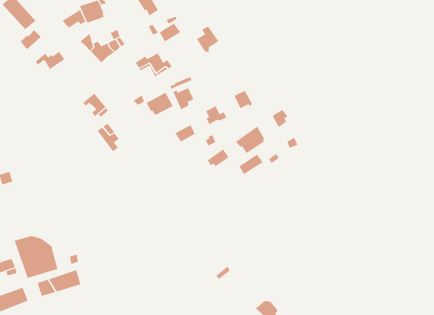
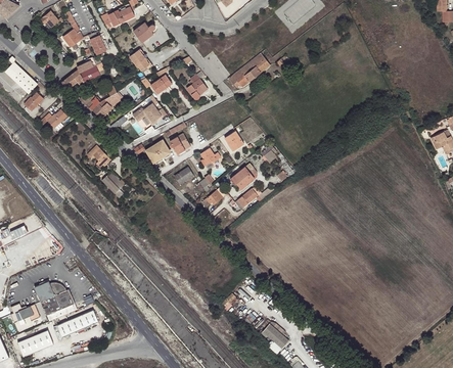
building: none -> [228,52,270,87]

